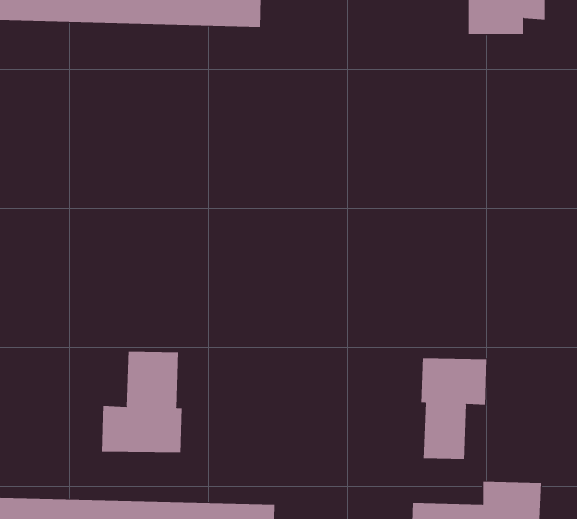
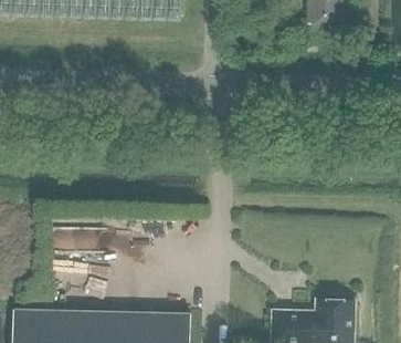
building: [102,351,182,453] -> none
building: [421,358,487,460] -> none

